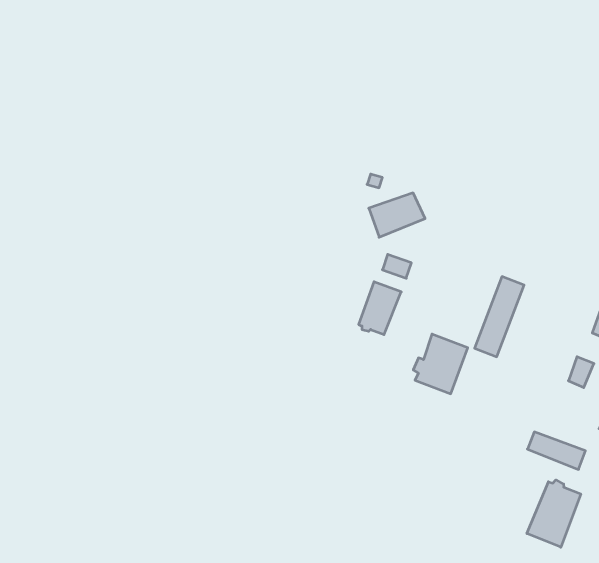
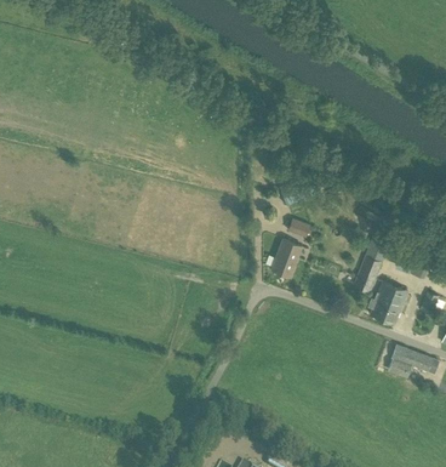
building: [413,334,468,394] -> [368,281,407,324]
building: [527,480,581,547] -> none

